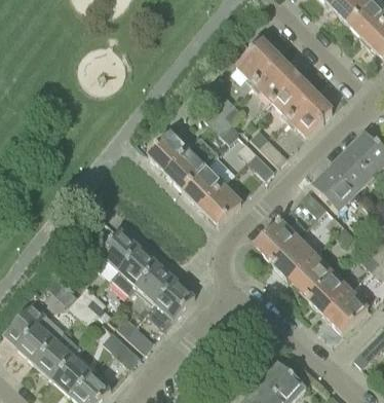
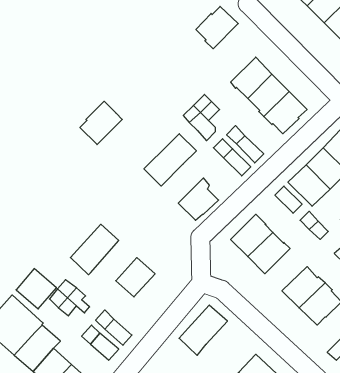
building: [236,41,279,84] -> [196,6,238,49]
building: [148,129,191,173] -> [80,101,122,145]
building: [183,168,226,208] -> none
building: [111,246,158,295] -> none
building: [289,254,332,297] -> none
building: [146,280,195,331] -> [179,305,227,355]

